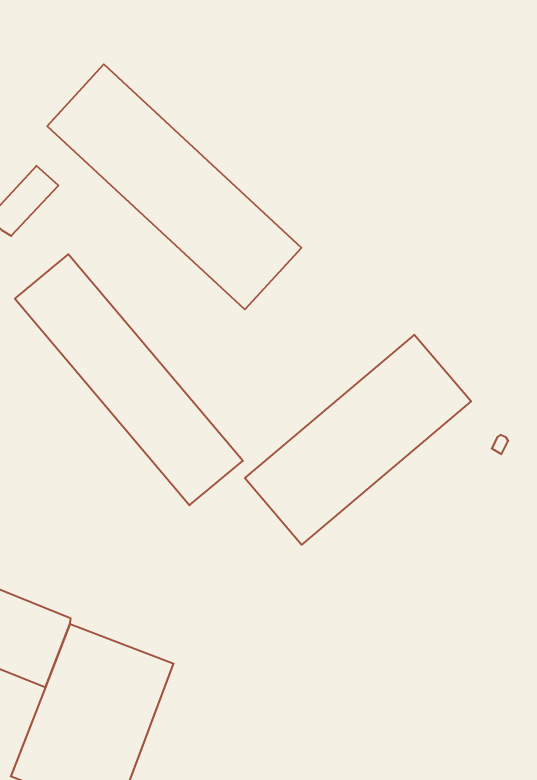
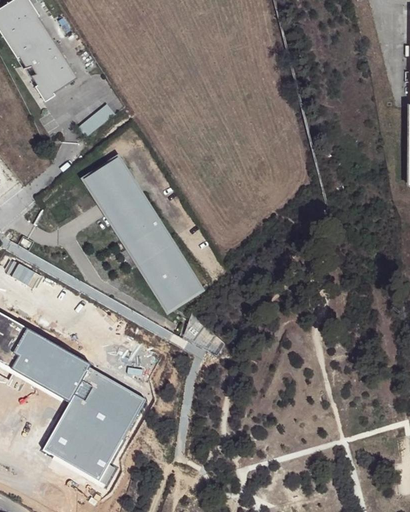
building: [47,64,301,309] -> none
building: [245,335,471,545] -> none

